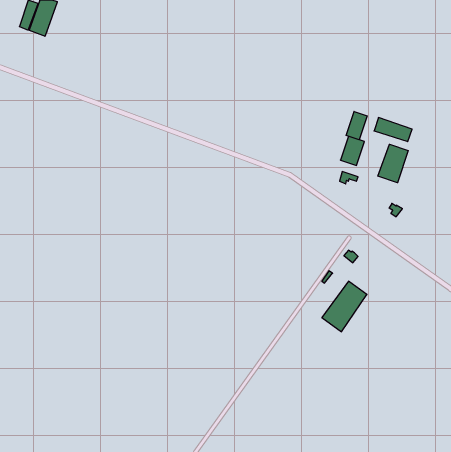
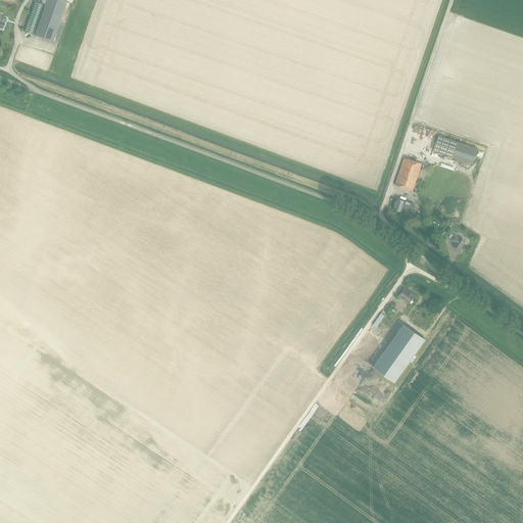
building: [346,111,367,140] -> none
building: [378,144,408,183] -> none

